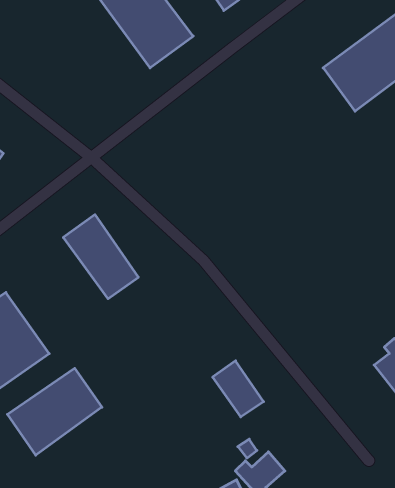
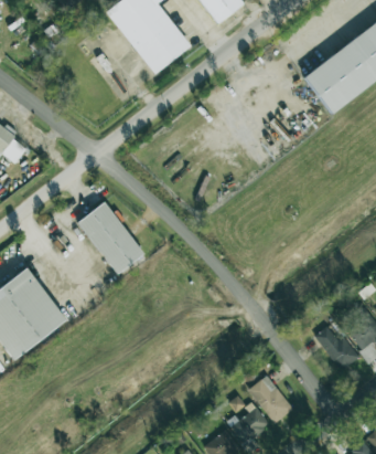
building: none -> [315,326,361,370]
building: [213,361,264,417] -> [249,374,293,423]
building: [7,368,102,455] -> none

